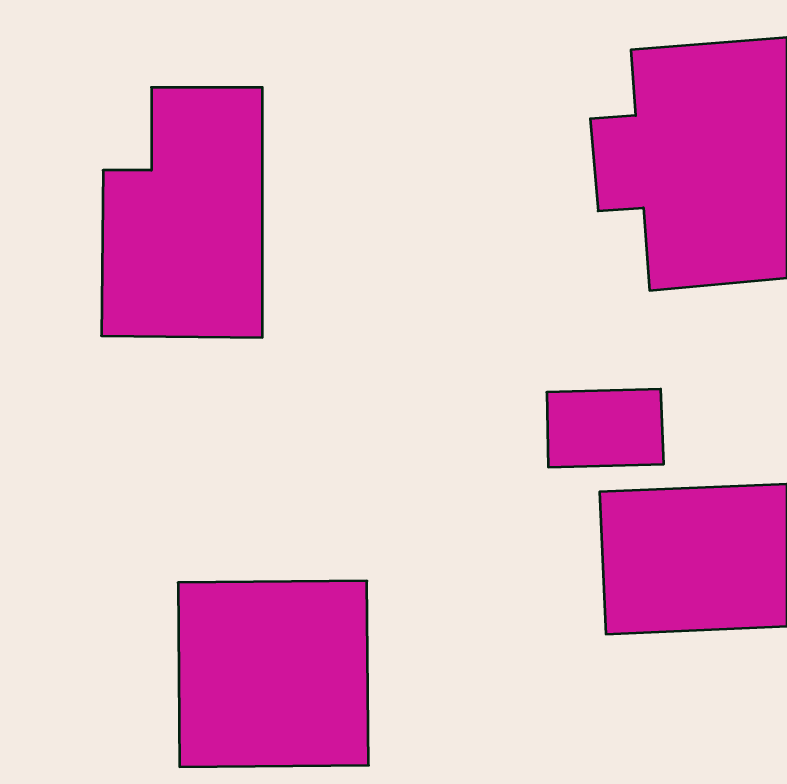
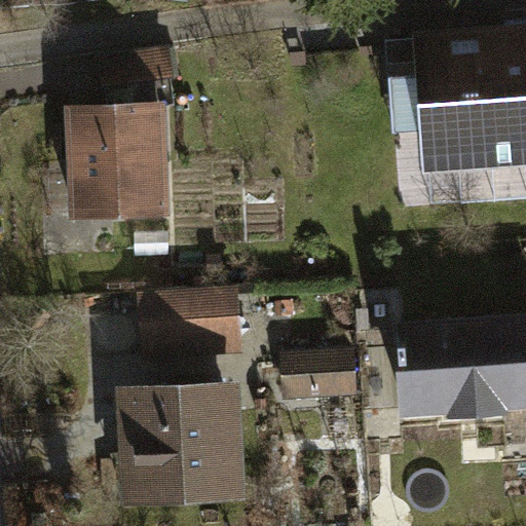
building: [547,389,664,467] -> [284,346,361,398]
building: none -> [133,281,241,360]

